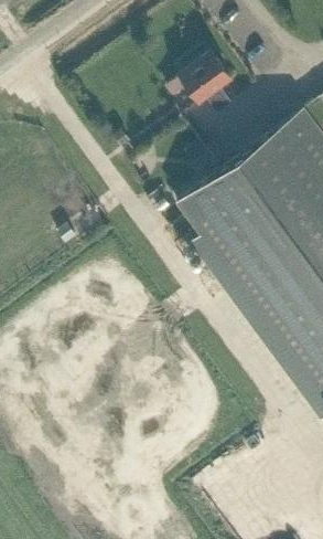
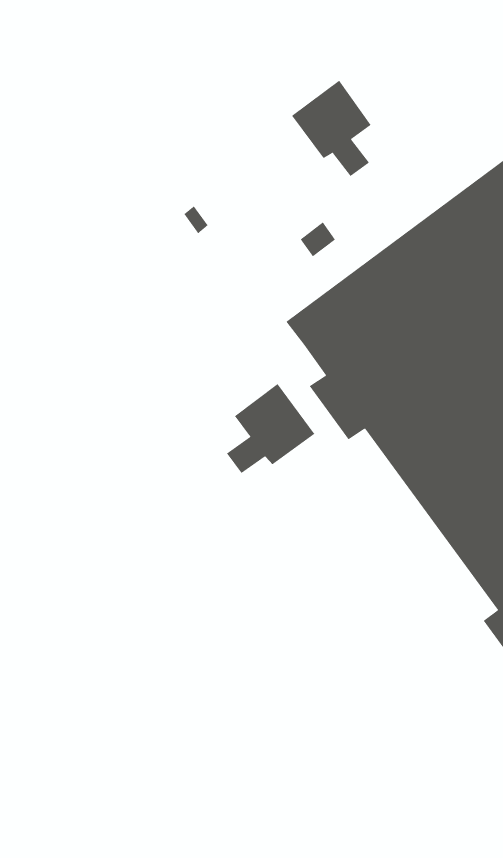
building: none -> [226,383,315,474]

